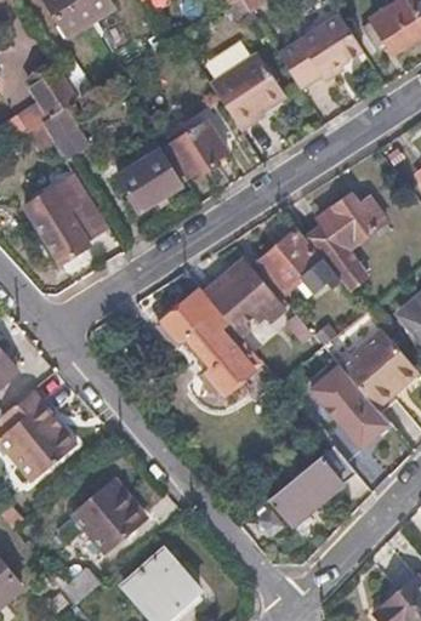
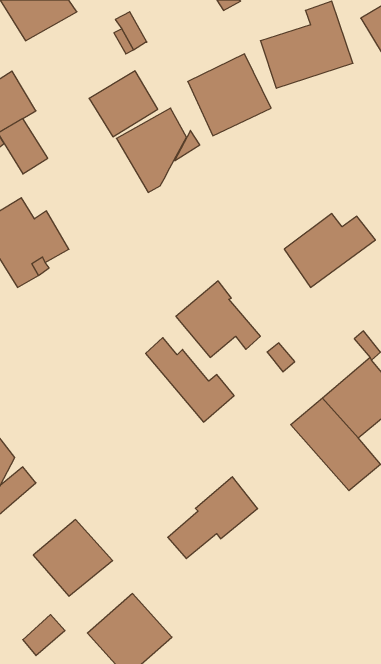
building: [115,153,178,213] -> [89,71,158,137]
building: [258,232,346,301] -> none
building: [272,445,354,520] -> [168,477,258,559]

